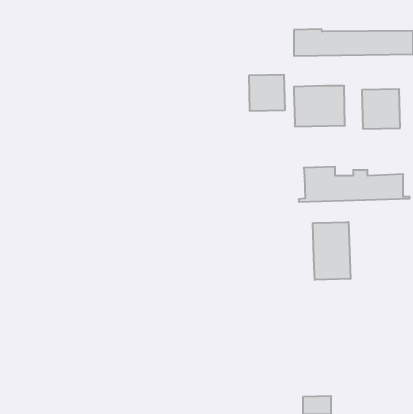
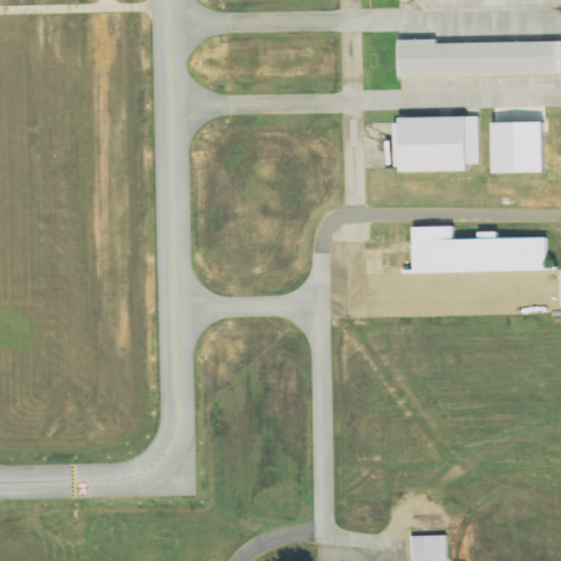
building: [249,75,285,111] -> none
building: [313,222,350,280] -> none

